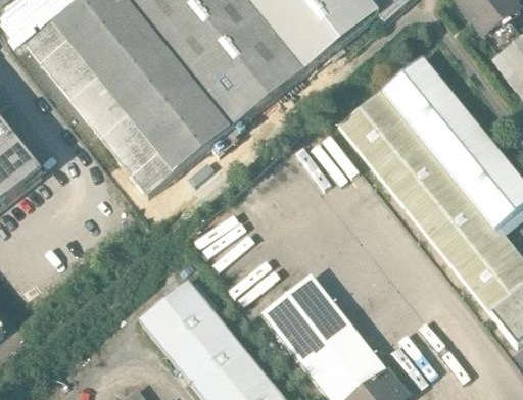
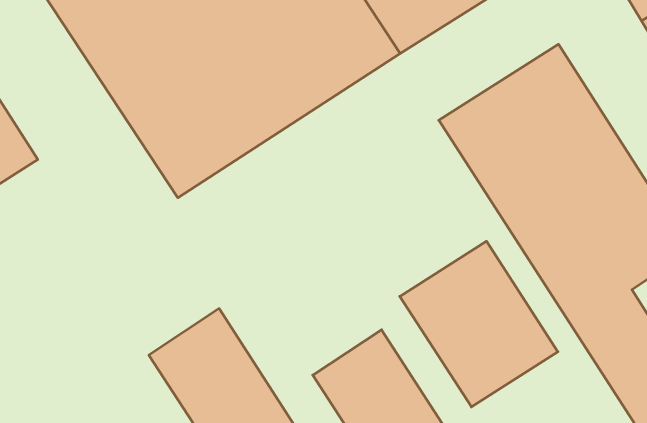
building: none -> [400,241,558,407]

